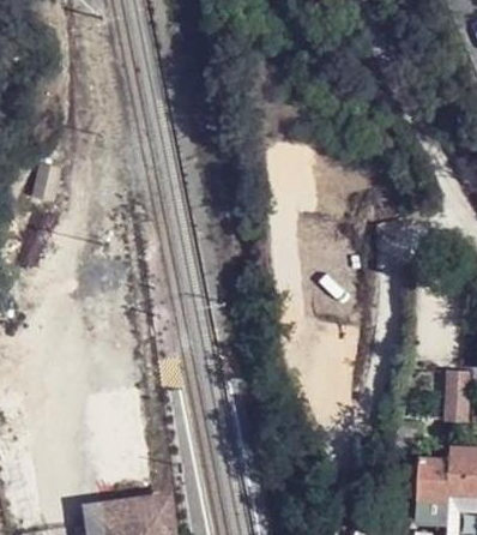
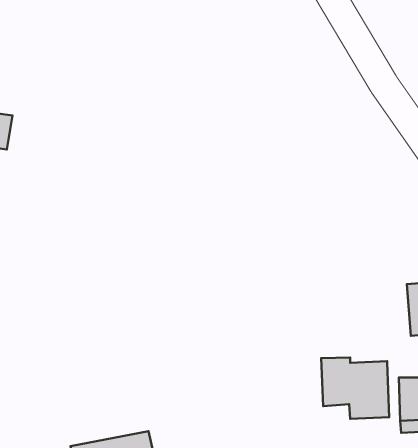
building: none -> [321,358,389,419]

